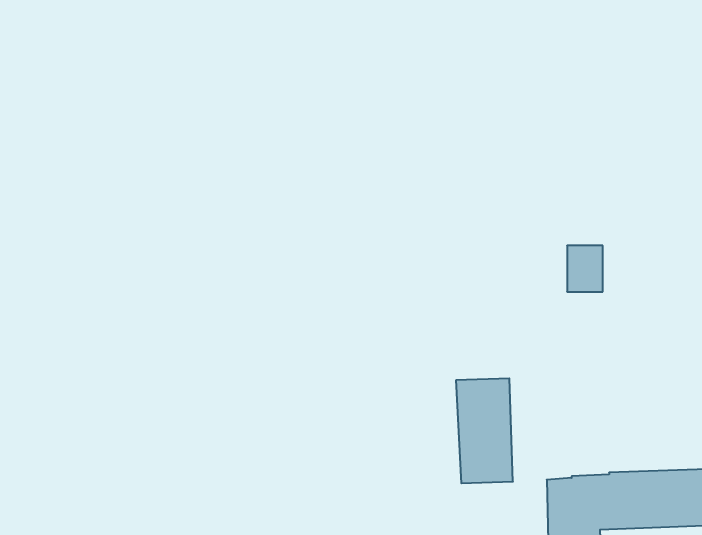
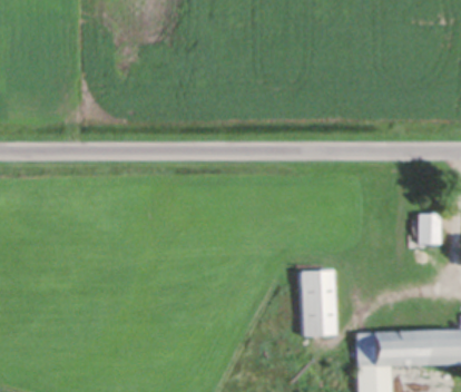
building: [567,246,603,292] -> [419,215,441,244]

